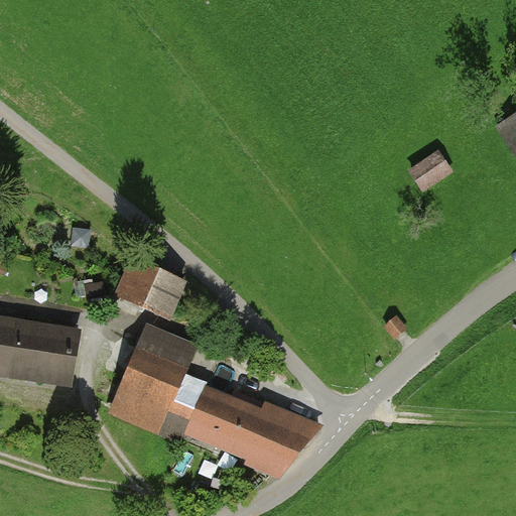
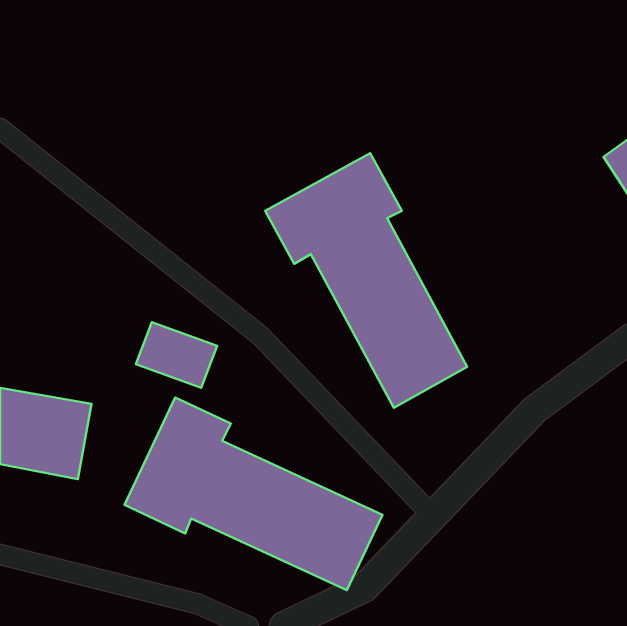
building: none -> [265,153,467,408]
building: [407,150,452,190] -> none

